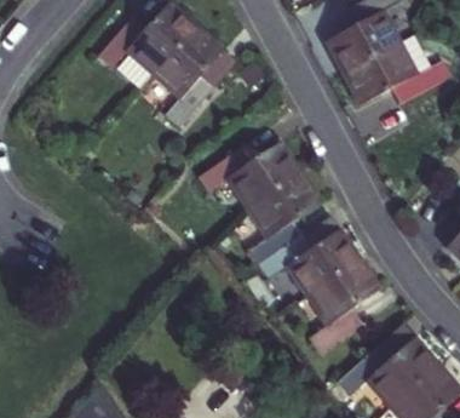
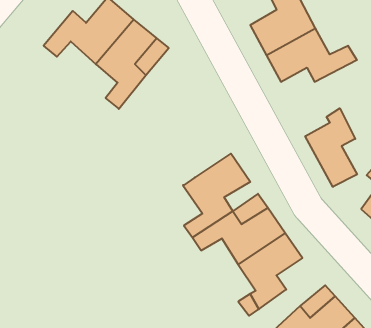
building: none -> [305,108,357,187]
building: [197,151,303,216] -> none

